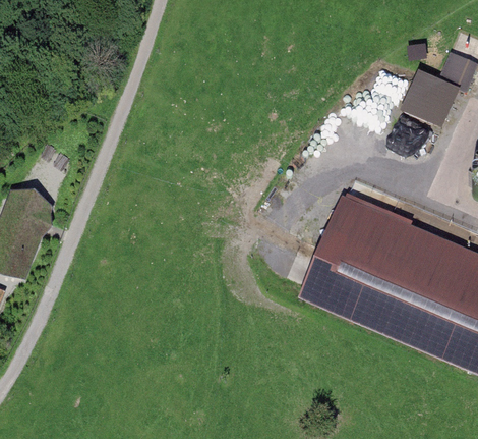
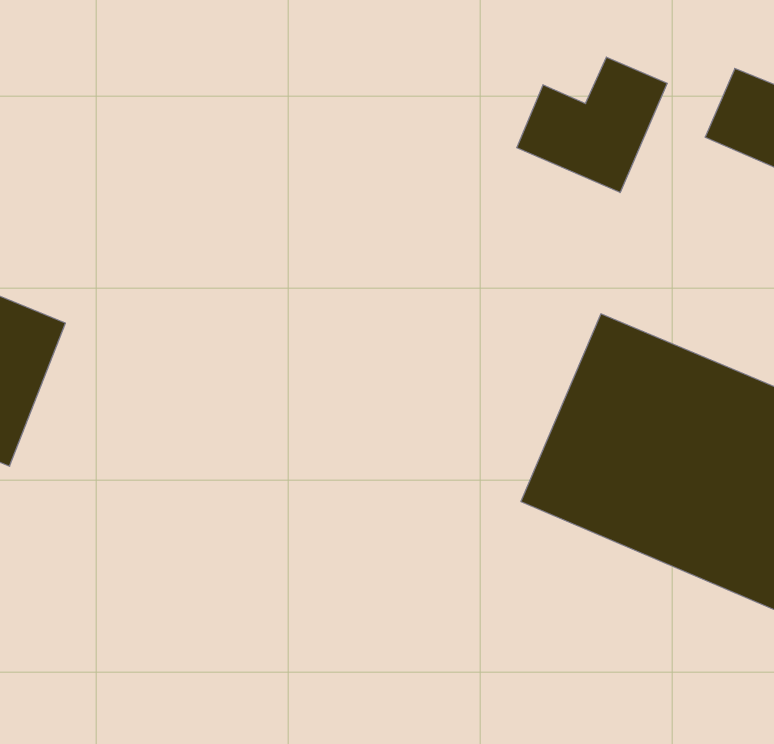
building: none -> [517,57,667,193]

